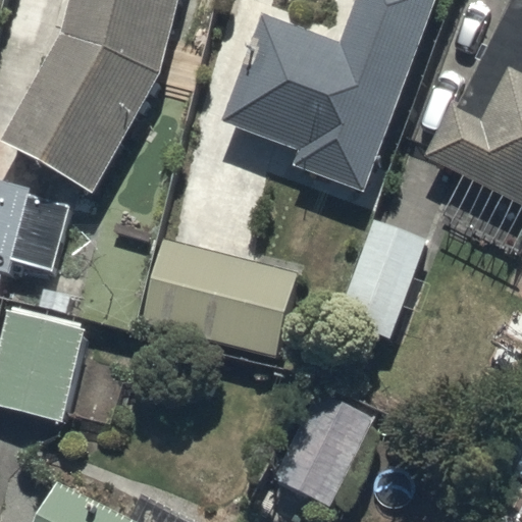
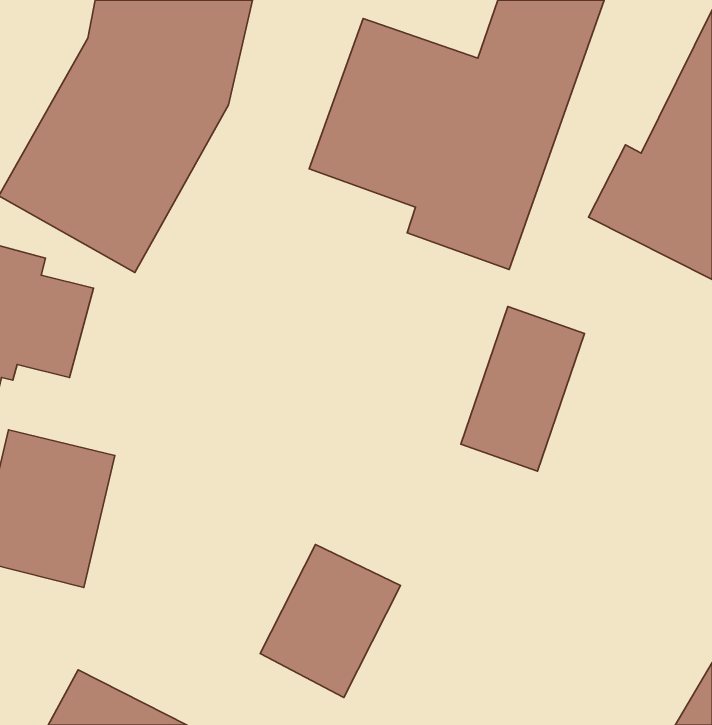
building: [141,236,297,359] -> none
building: [279,389,380,500] -> [260,544,400,698]

